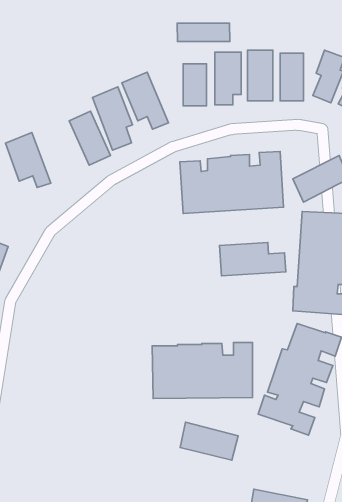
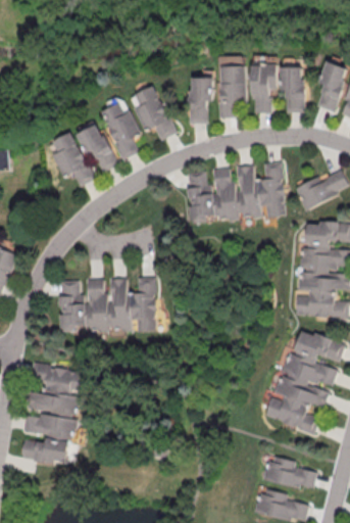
building: [177,23,230,42] -> none
building: [5,133,51,187] -> [49,132,93,185]
building: [220,243,286,276] -> none
building: [152,343,252,399] -> [59,277,156,331]
building: none -> [20,364,85,465]
building: [180,422,238,460] -> [262,455,318,491]

